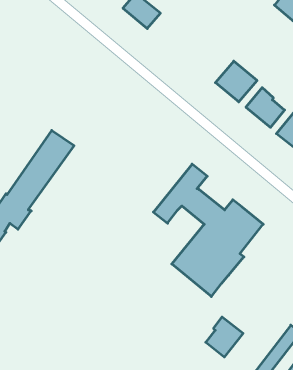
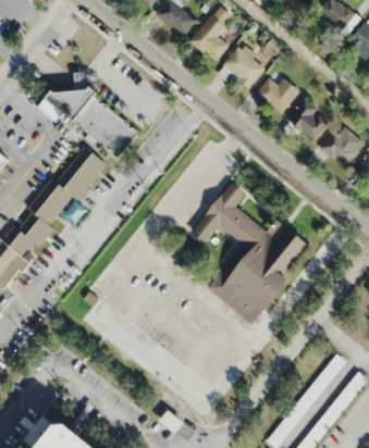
building: none -> [189,14,229,63]
building: none -> [222,46,267,88]
building: none -> [37,80,142,158]
building: [206,317,243,357] -> none

